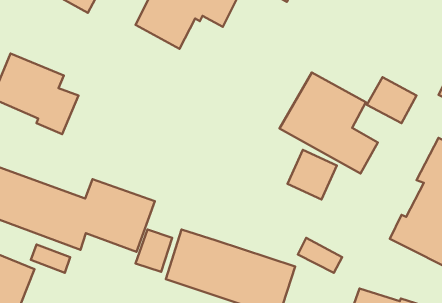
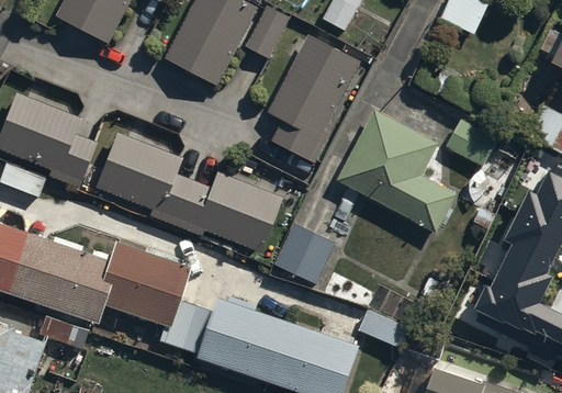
building: none -> [269,33,361,162]
building: none -> [95,132,282,251]
building: [287,150,337,199] -> [277,223,336,282]

